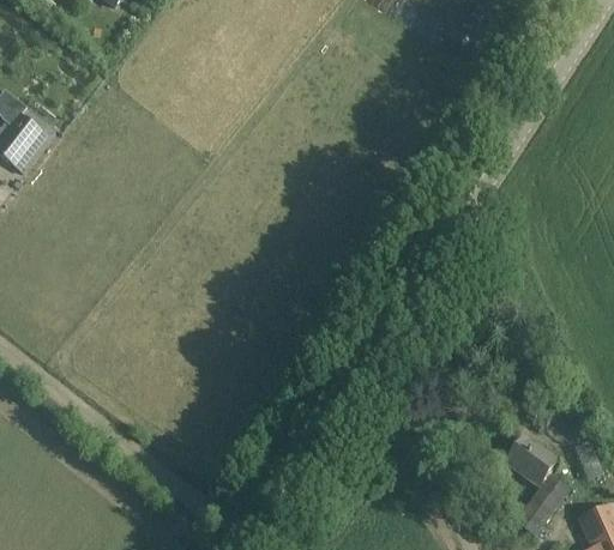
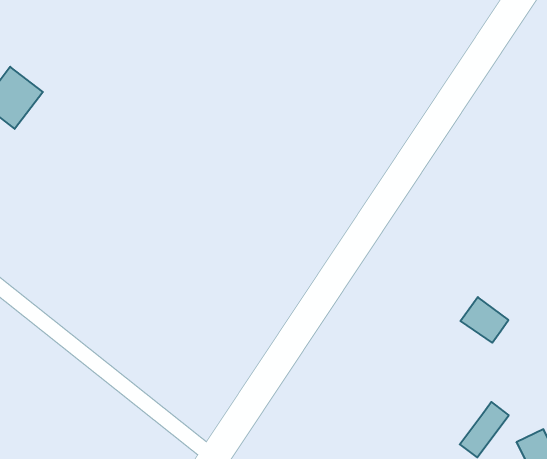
building: [505,436,558,486] -> [460,297,508,343]

